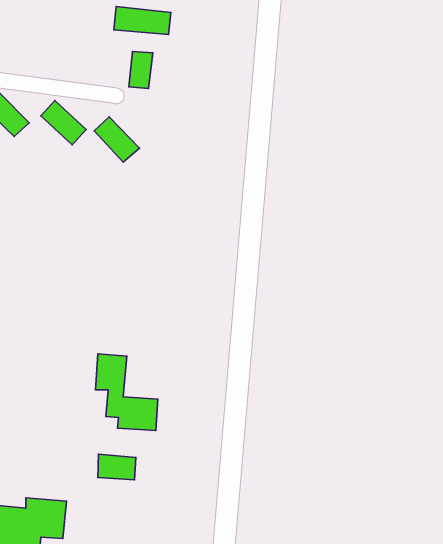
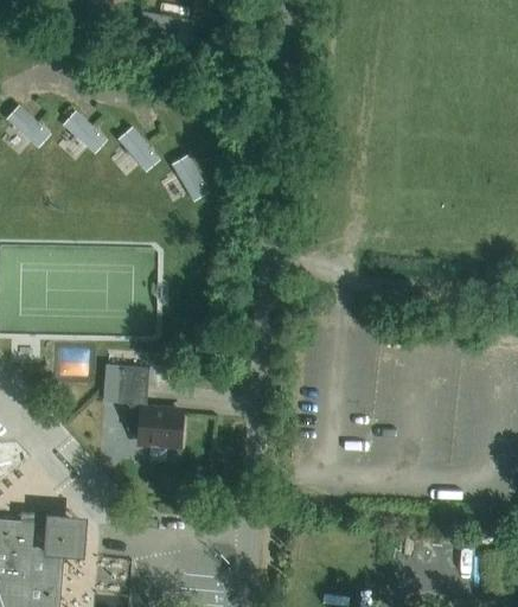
building: [129,52,153,89] -> none
building: none -> [173,153,209,202]
building: [98,454,136,480] -> none

